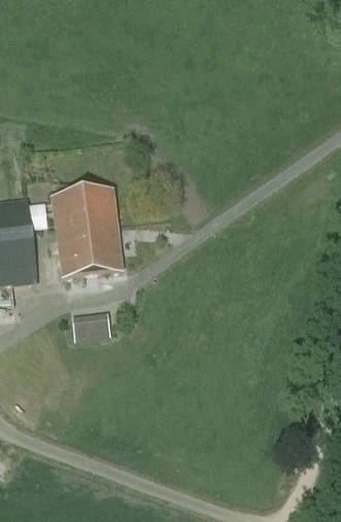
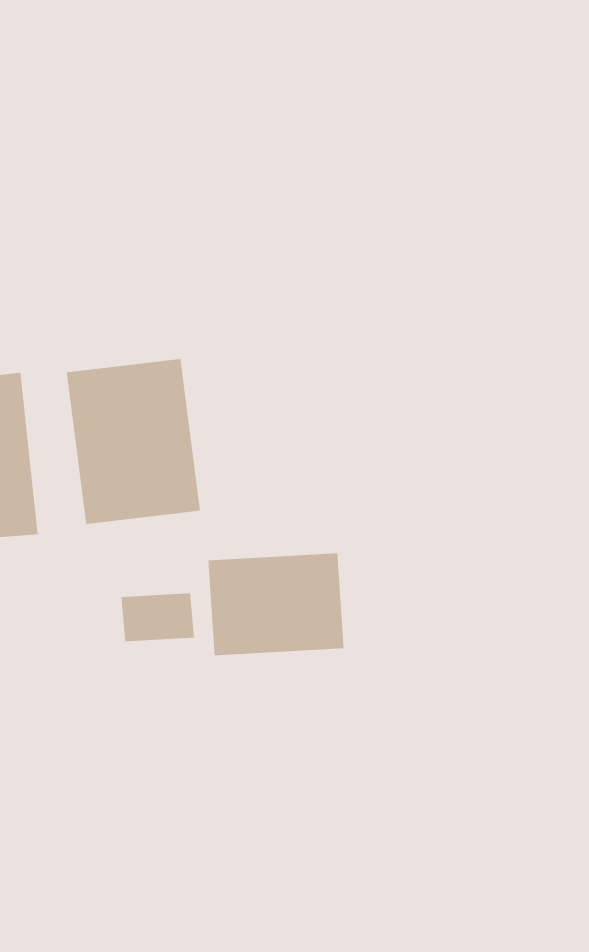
building: none -> [208,553,344,656]

